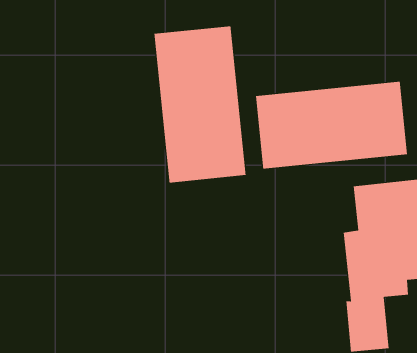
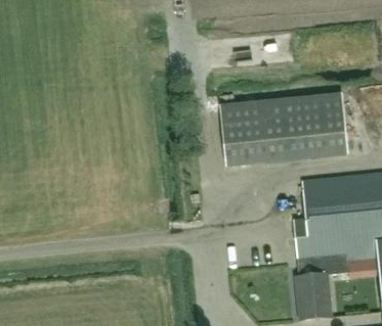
building: [154,25,246,183] -> none

